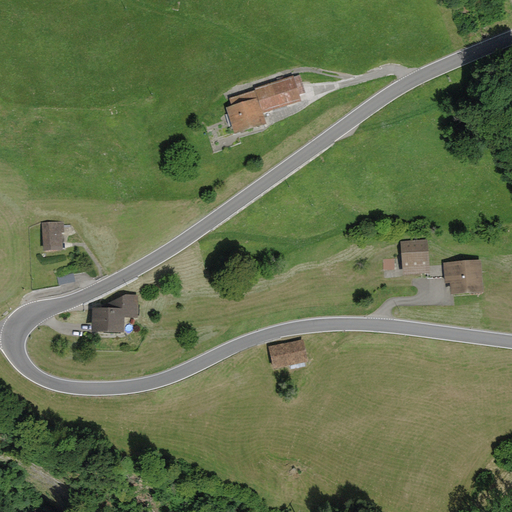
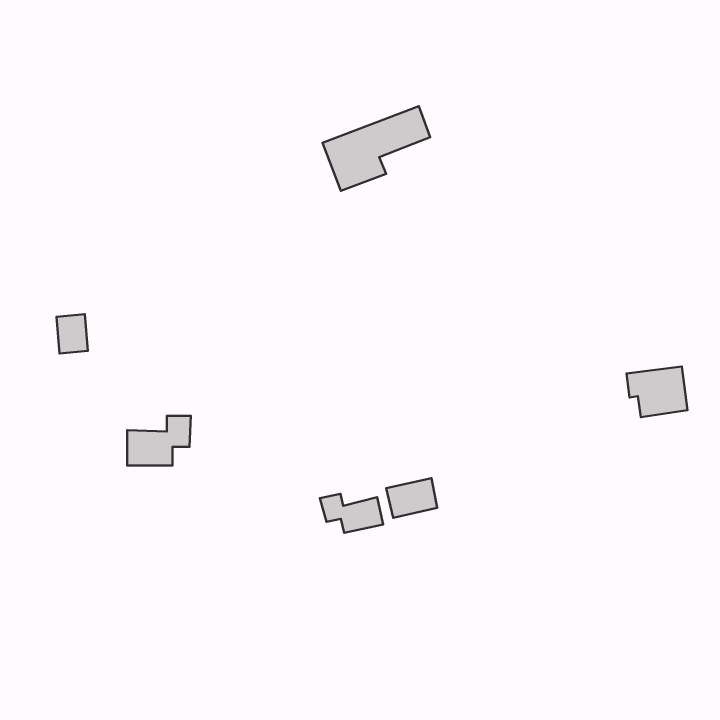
building: [401,237,431,273] -> none
building: none -> [320,494,383,533]

